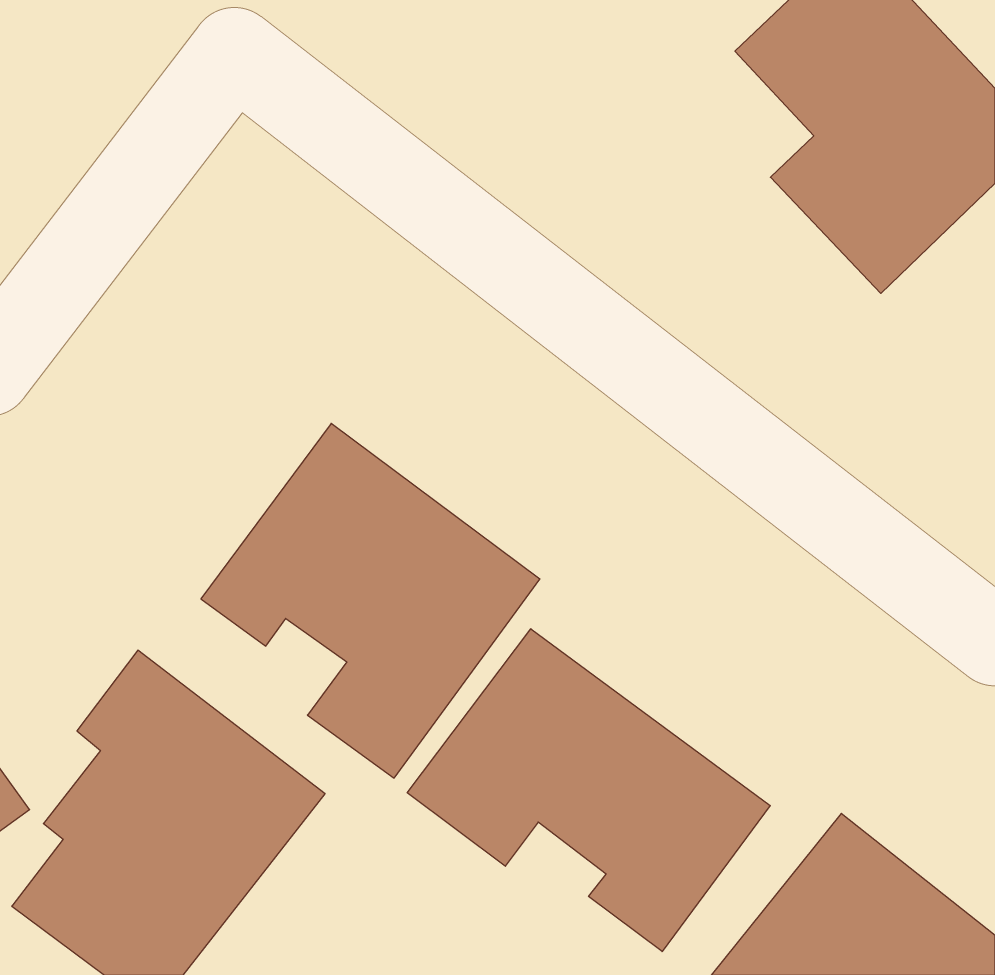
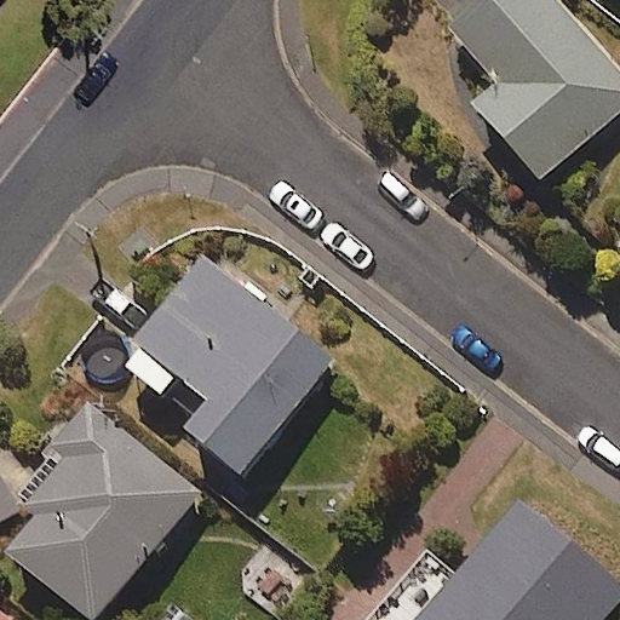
building: [407,629,770,952] -> none

